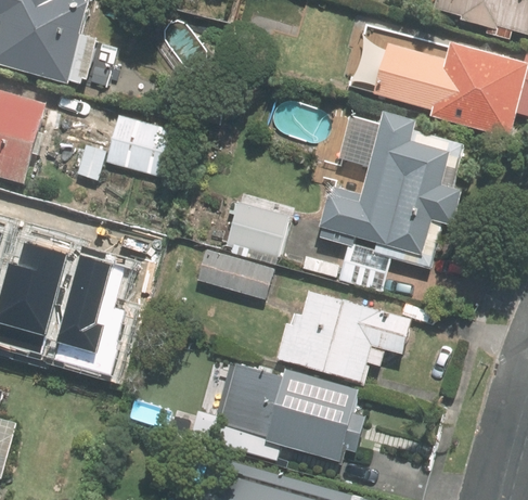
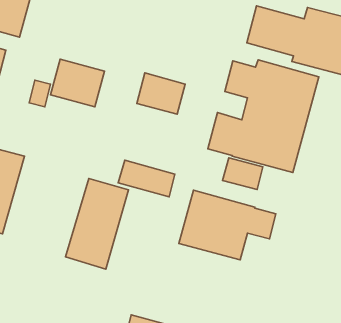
building: [227,201,292,256] -> [137,73,185,114]
building: [51,242,136,363] -> [66,178,129,269]
building: [220,363,362,463] -> none

